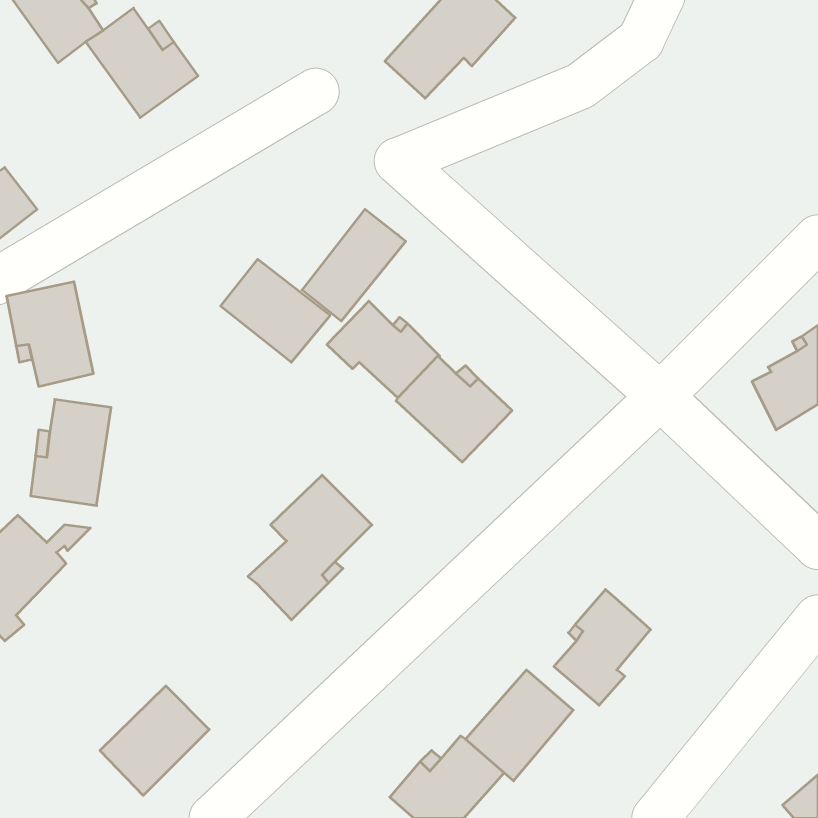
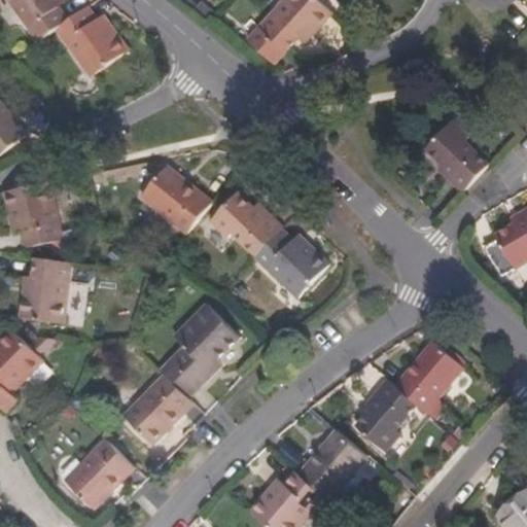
building: none -> [424,119,487,190]
building: [302,209,406,321] -> none
building: none -> [395,340,462,410]
building: none -> [121,373,191,444]

